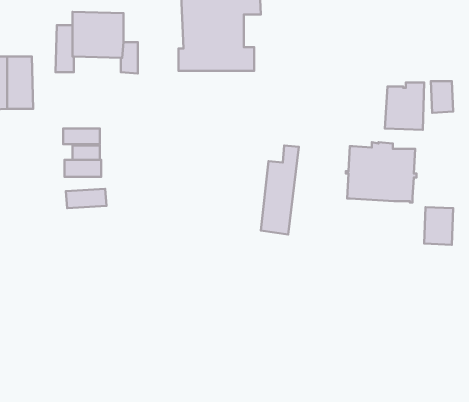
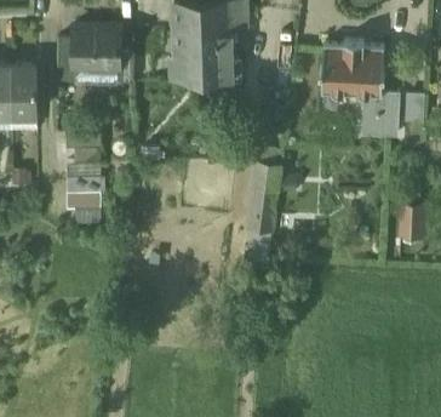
building: [346,142,416,202] -> [320,42,385,98]

